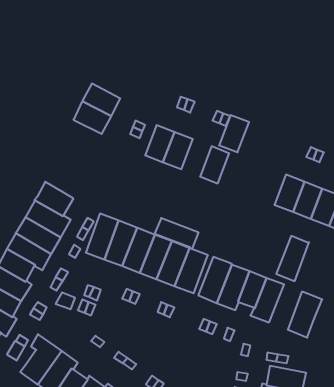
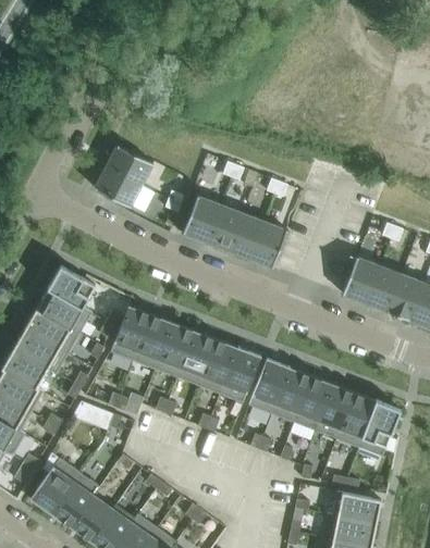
building: [219,115,249,152] -> [229,213,266,259]
building: [155,218,198,249] -> none
building: [276,236,309,281] -> [336,391,377,447]

